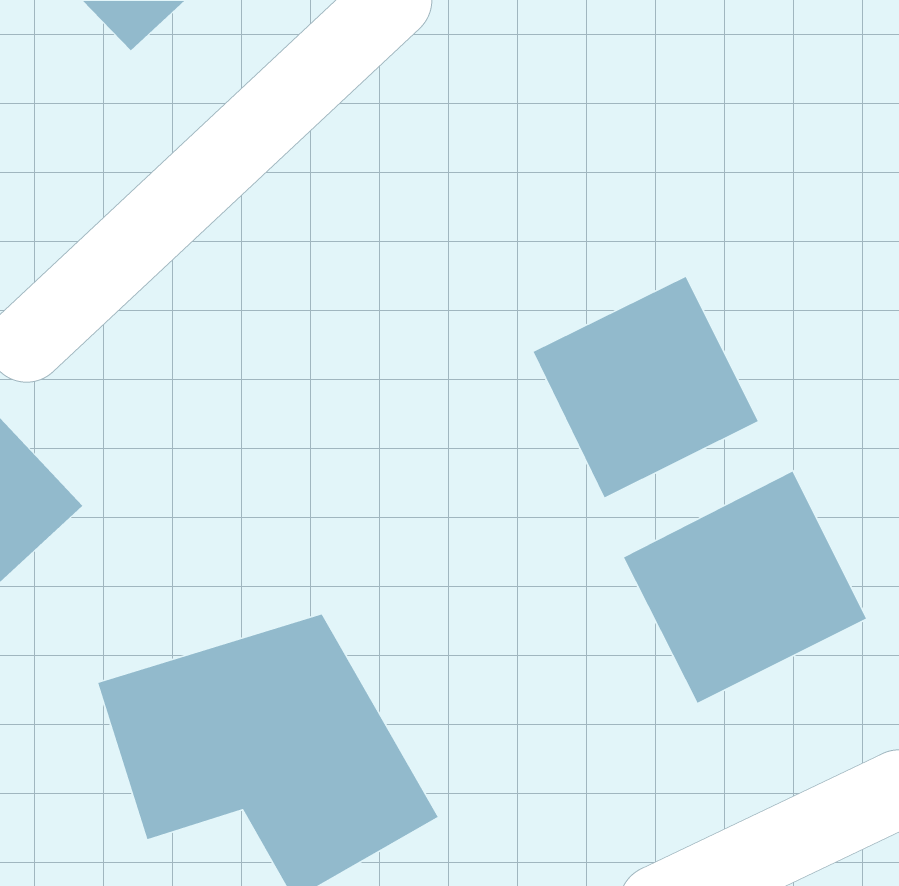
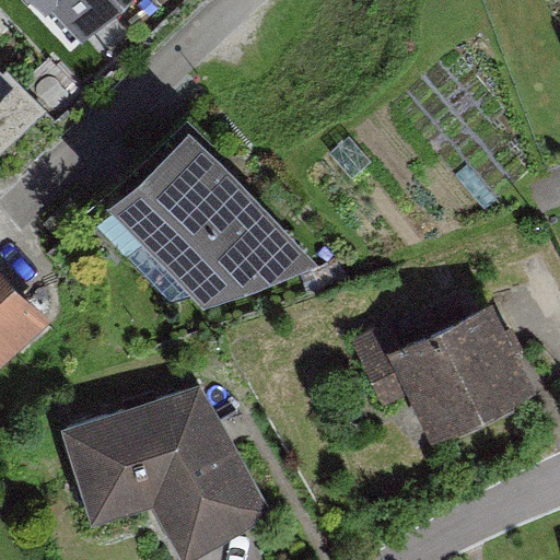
building: none -> [105,126,316,306]
building: [533,276,759,499] -> none

